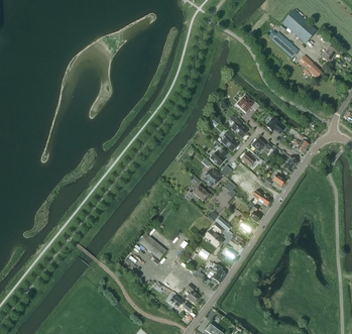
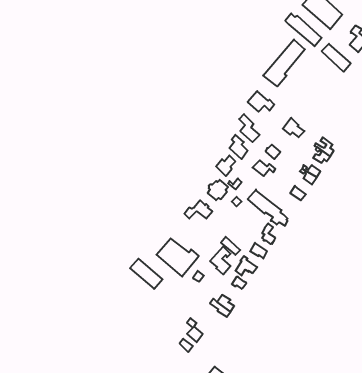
building: none -> [263,39,305,86]
building: none -> [156,238,199,277]

